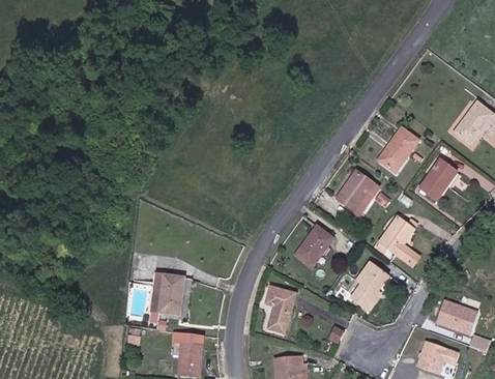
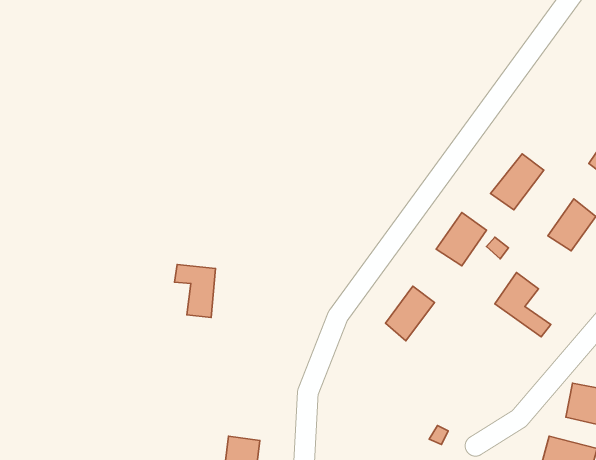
building: [350,263,386,316] -> none
building: [150,273,181,314] -> [174,264,215,318]
building: [265,287,295,333] -> none

